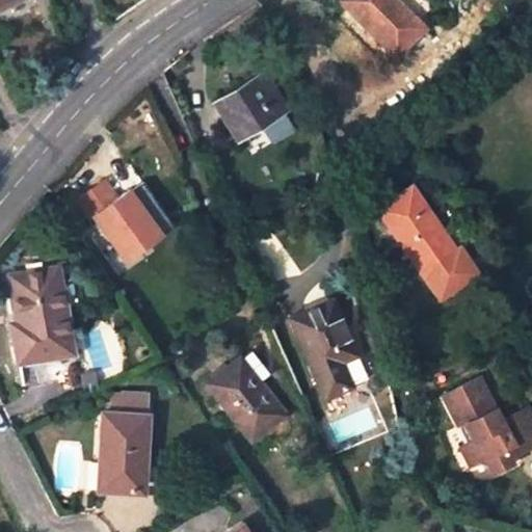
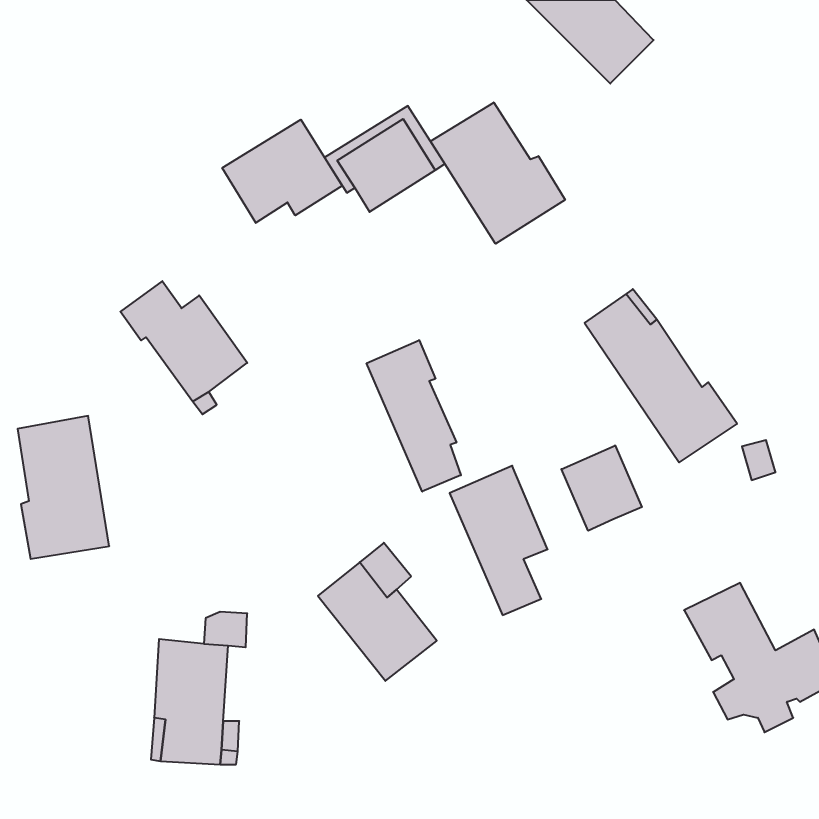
building: none -> [430,102,565,244]
building: none -> [222,120,342,223]
building: none -> [367,340,461,492]
building: none -> [561,445,642,531]

